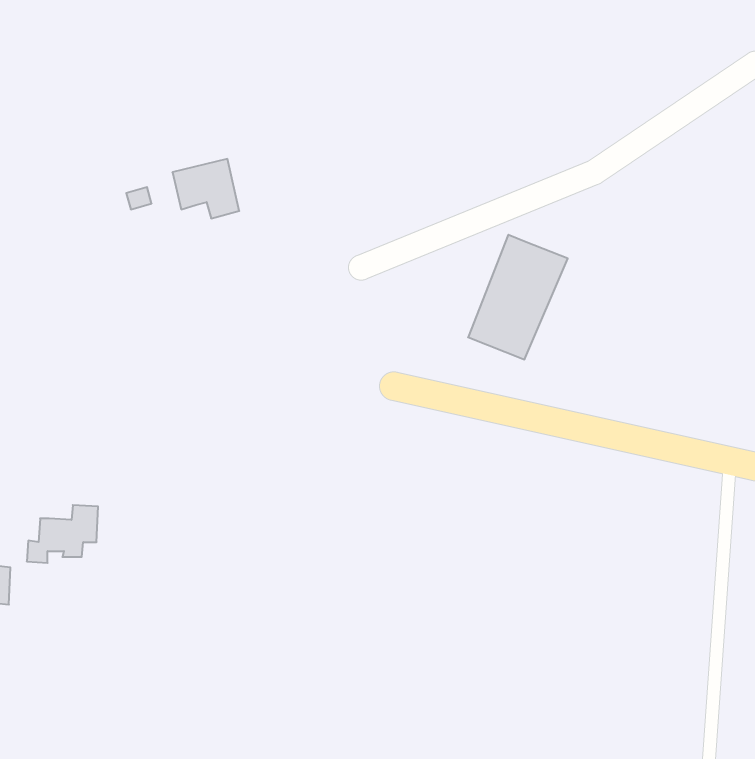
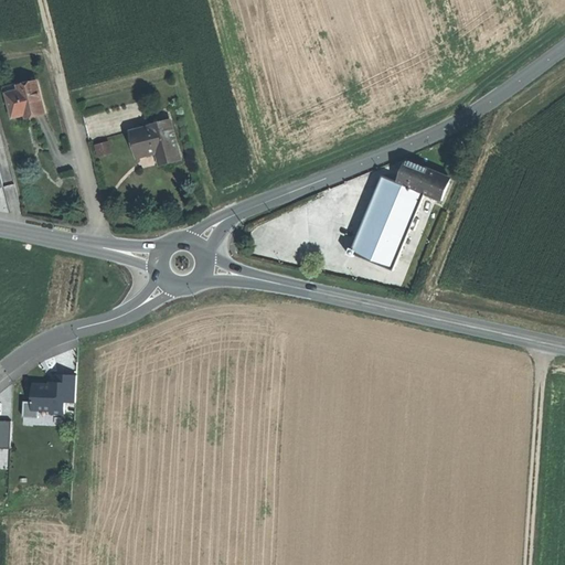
building: none -> [11,86,47,121]
building: none -> [391,157,449,200]

